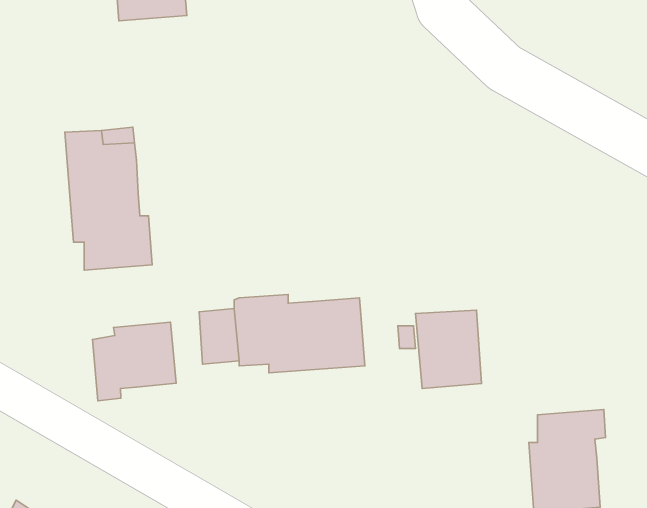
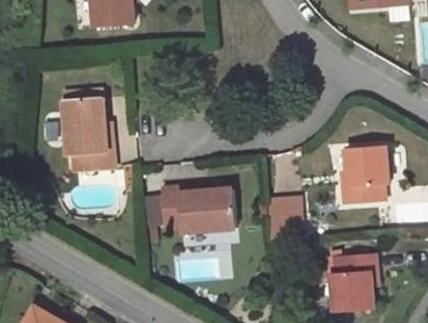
building: none -> [344,145,388,205]
building: [92,322,176,401] -> none

